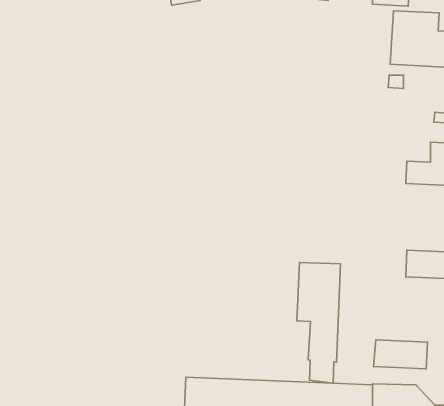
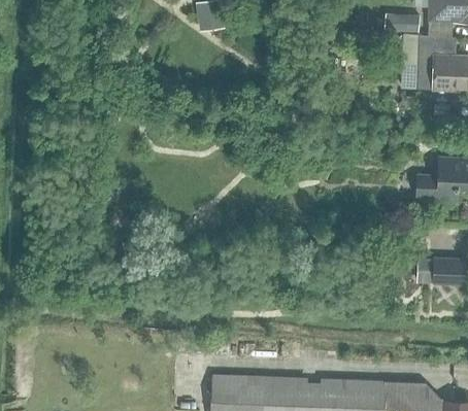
building: [297,263,340,383] -> none
building: [374,340,427,369] -> none

